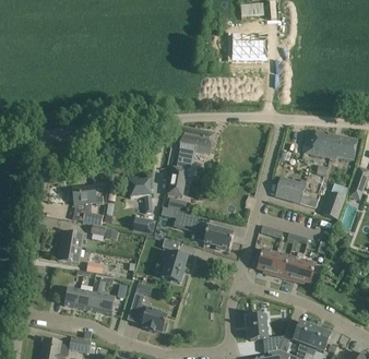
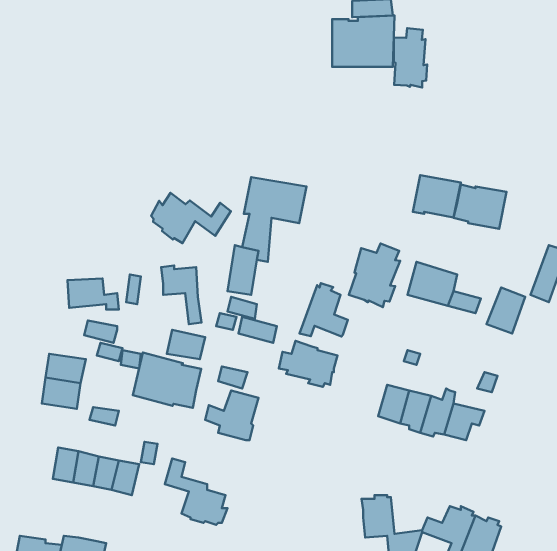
building: none -> [394,28,427,87]
building: [330,134,358,159] -> [413,175,461,217]
building: none -> [151,193,231,243]
building: none -> [349,244,400,307]
building: none -> [300,283,348,336]
building: none -> [133,352,201,408]

